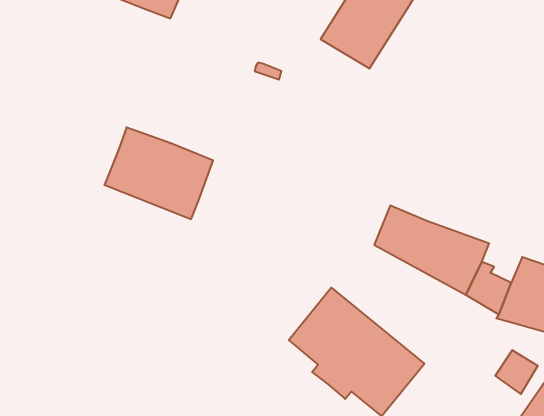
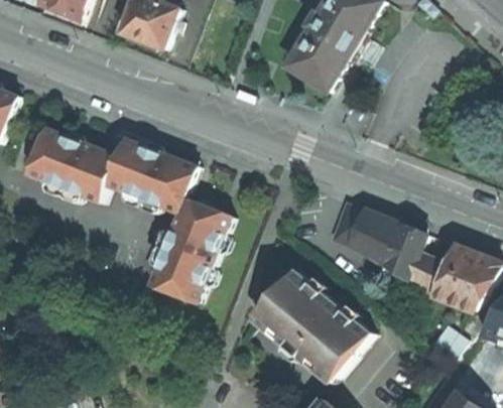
building: none -> [27,128,119,203]
building: none -> [151,199,231,303]

